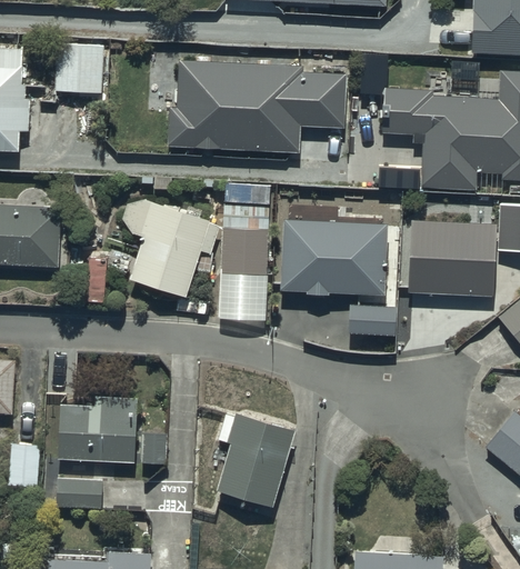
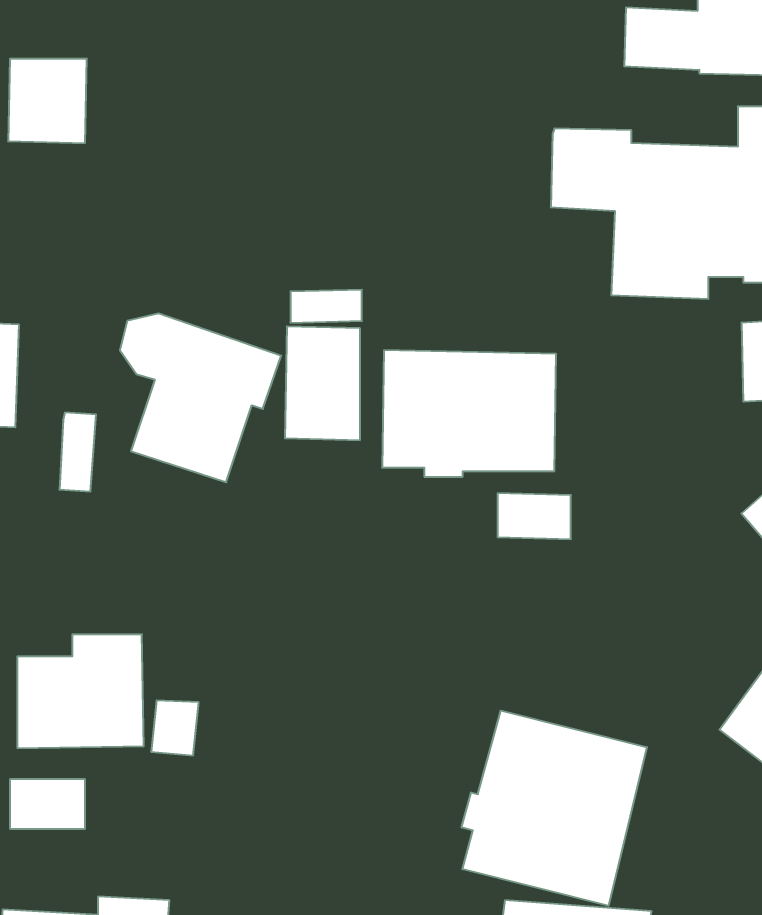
building: [168,61,348,157] -> none
building: [408,221,497,297] -> none
building: [218,413,297,509] -> none
building: none -> [462,711,647,906]

